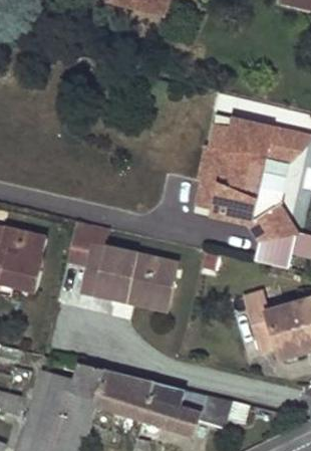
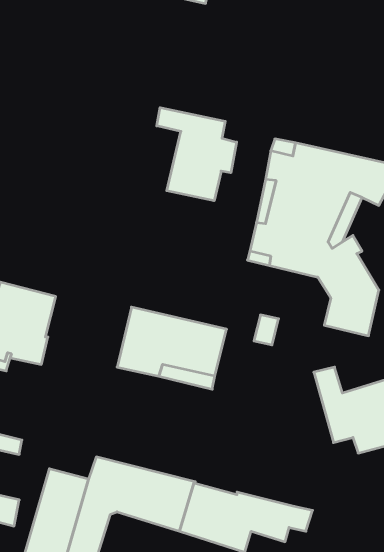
building: none -> [157,108,237,201]
building: [67,220,109,292] -> none

